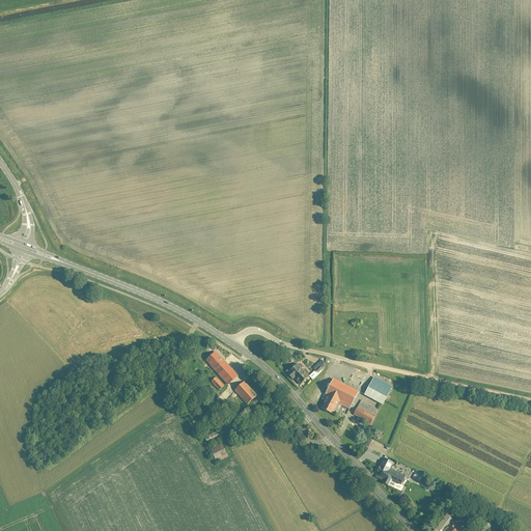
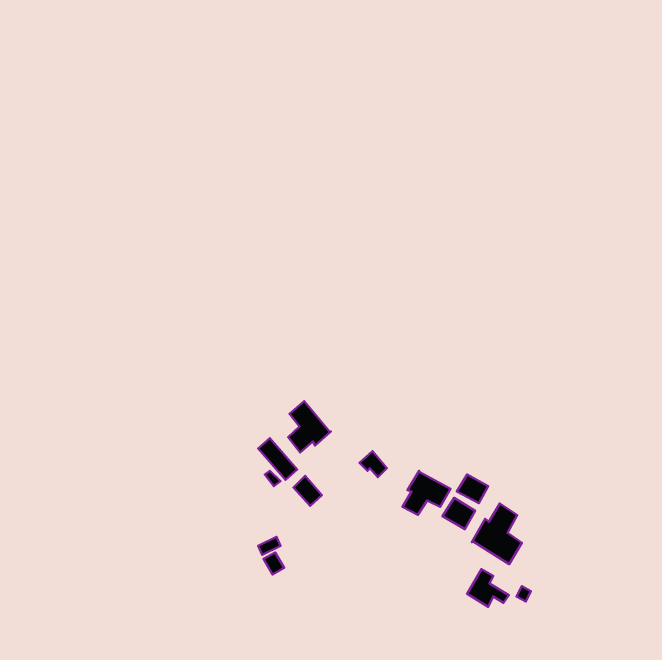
building: none -> [288,401,331,453]
building: none -> [472,504,522,564]

